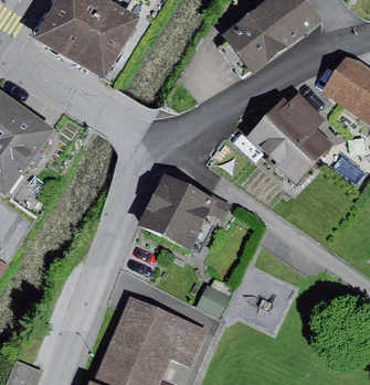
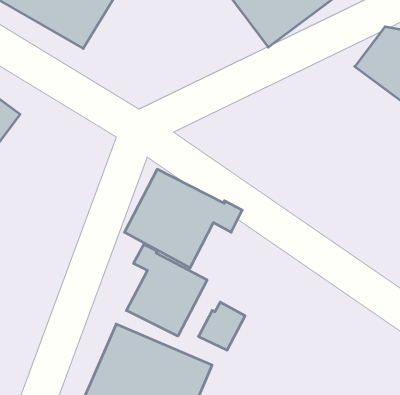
building: [245,94,332,182] -> none
building: none -> [126,244,207,336]

